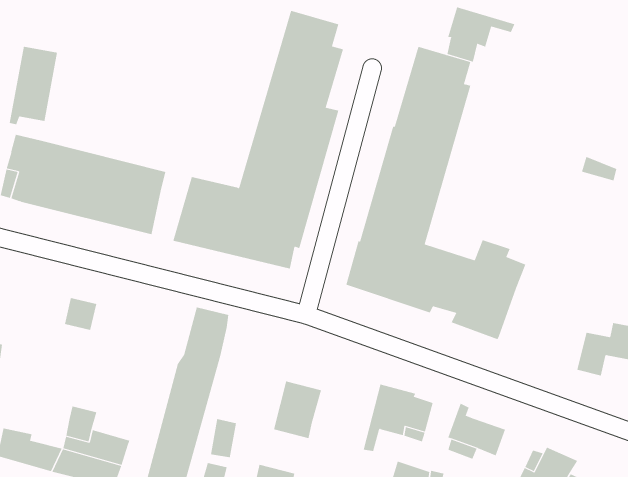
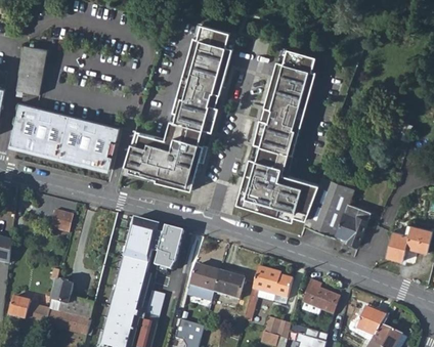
building: [447,6,515,62] -> none
building: none -> [335,204,368,247]
building: none -> [154,223,185,266]
building: none -> [213,270,244,298]

